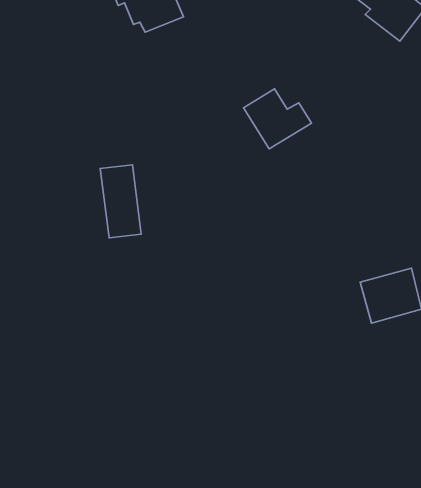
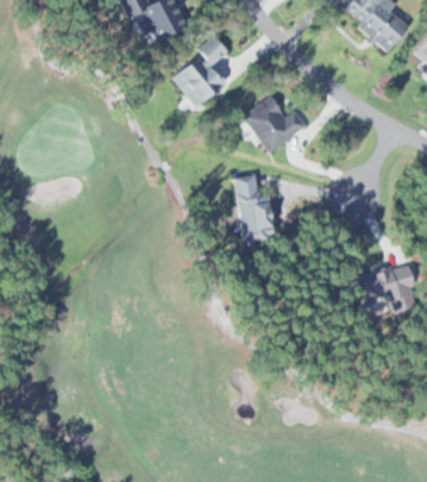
building: none -> [171,39,226,106]
building: [100,165,141,238] -> [234,171,272,239]

